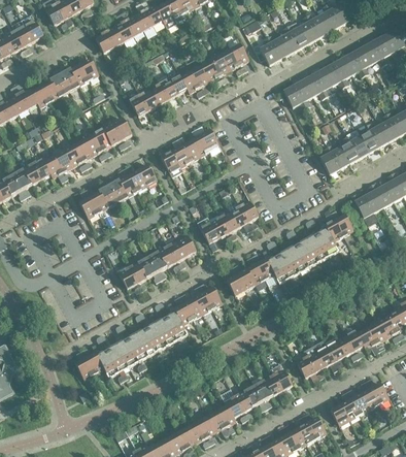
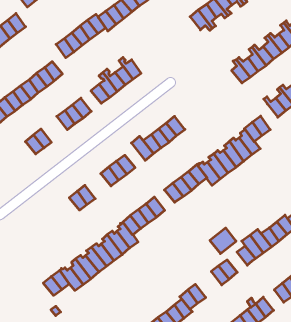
building: [99,181,128,208] -> none
building: [138,252,167,279] -> none
building: [244,380,273,407] -> [210,228,236,254]

